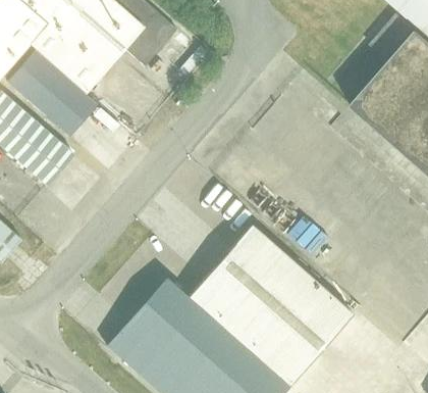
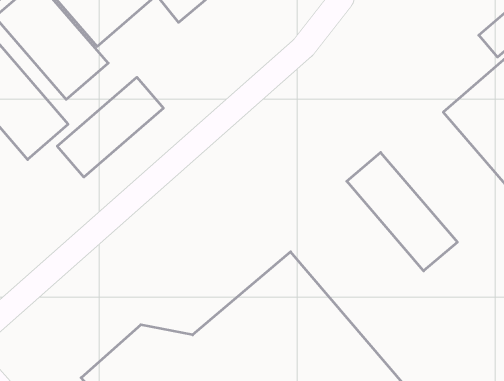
building: none -> [57,77,163,177]
building: none -> [347,152,457,271]

